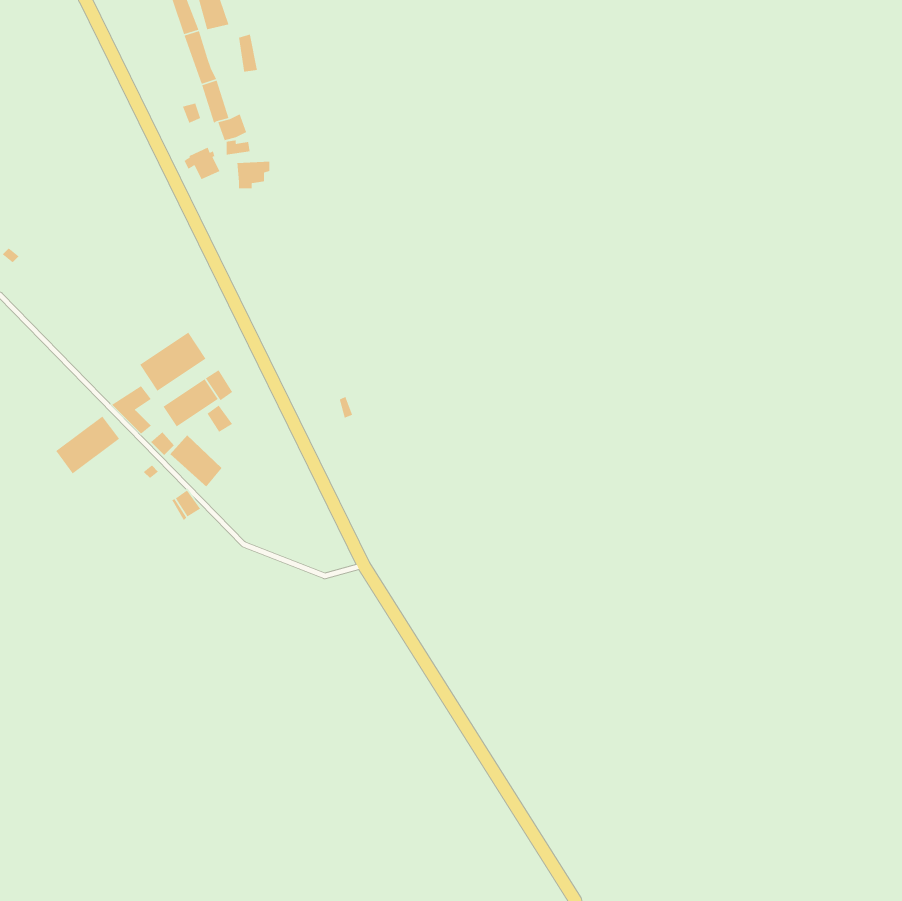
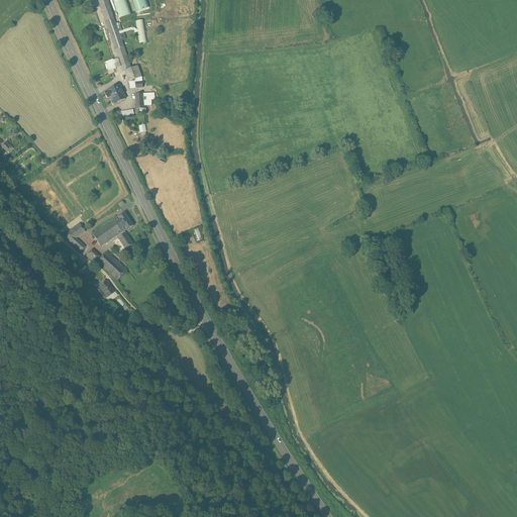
building: [139,332,207,392] -> none
building: [55,415,120,474] -> none

